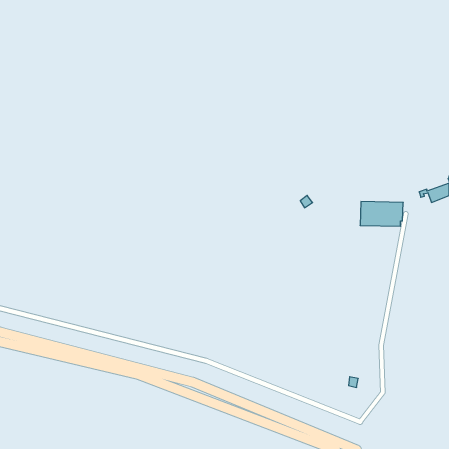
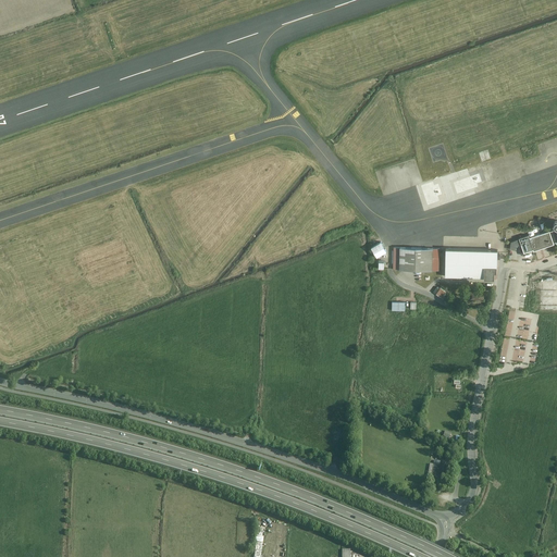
building: none -> [392,249,438,272]

